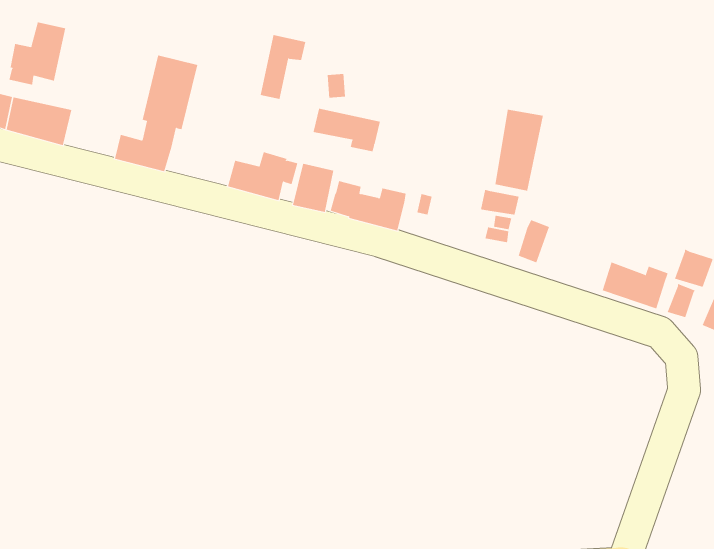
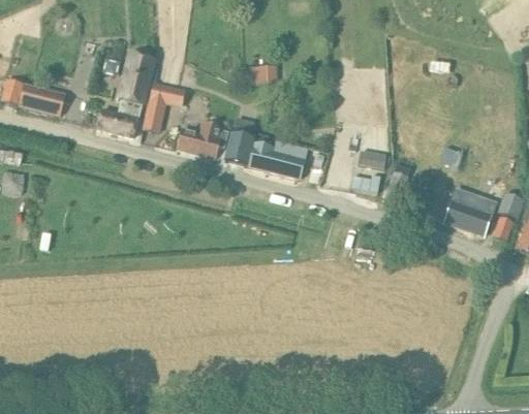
building: [9,22,66,85] -> none
building: [260,35,306,100] -> [145,84,178,130]
building: [312,108,381,152] -> none
building: [495,109,543,192] -> none

